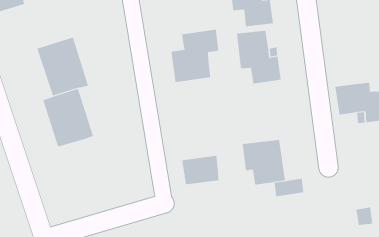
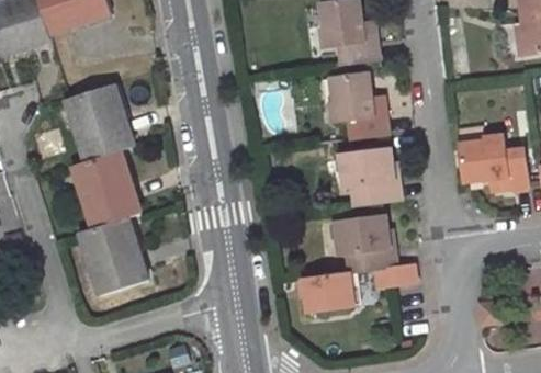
building: [171,29,219,83] -> none
building: none -> [338,148,395,206]
building: none -> [81,214,149,292]
building: [182,155,220,185] -> [305,273,354,312]

